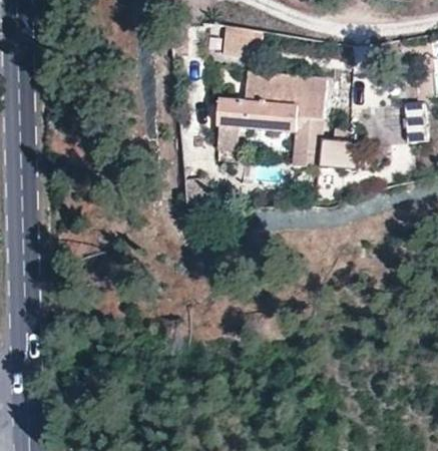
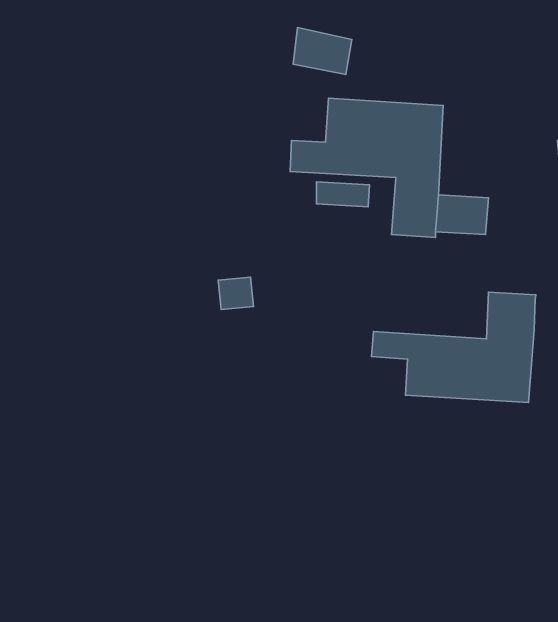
building: none -> [371,292,536,402]

